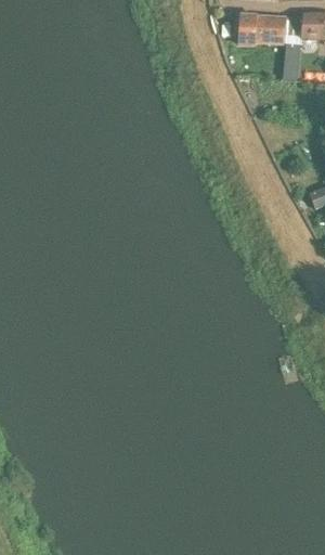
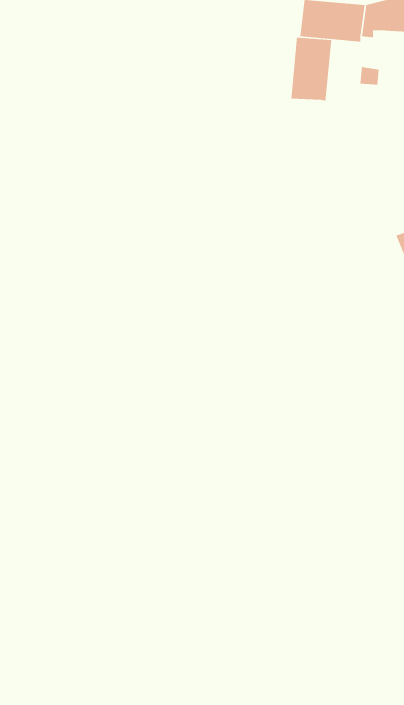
building: none -> [291,37,332,102]

